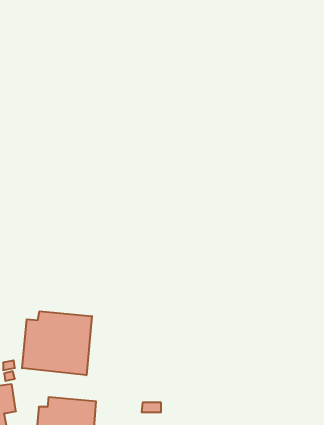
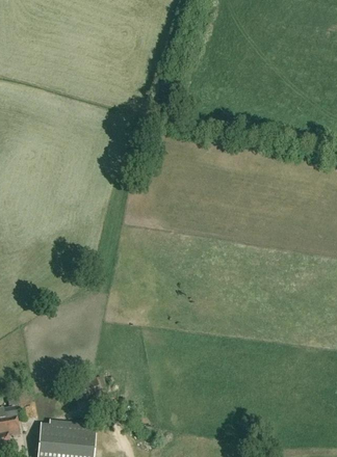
building: [22,311,92,375] -> none

